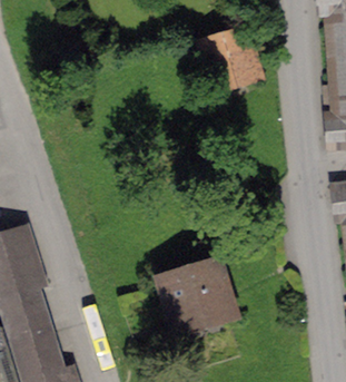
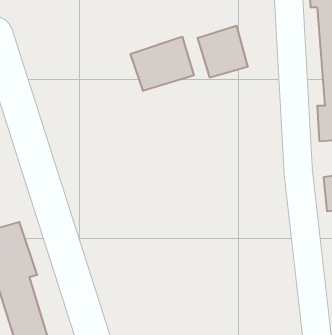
building: none -> [131,37,194,91]
building: [164,266,229,324] -> none

